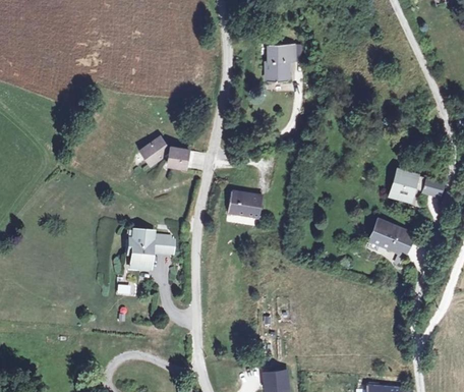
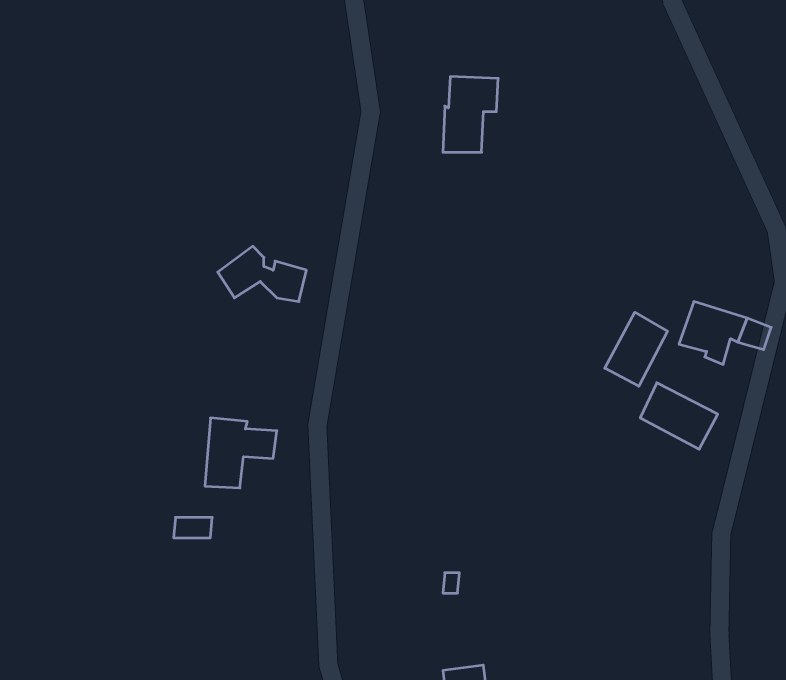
building: none -> [605,312,667,386]
building: [228,191,265,218] -> none

